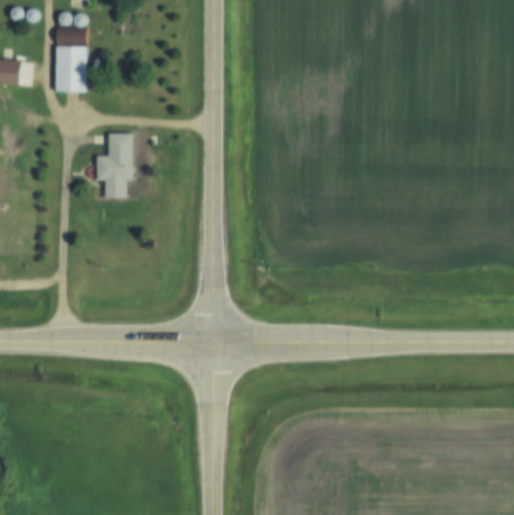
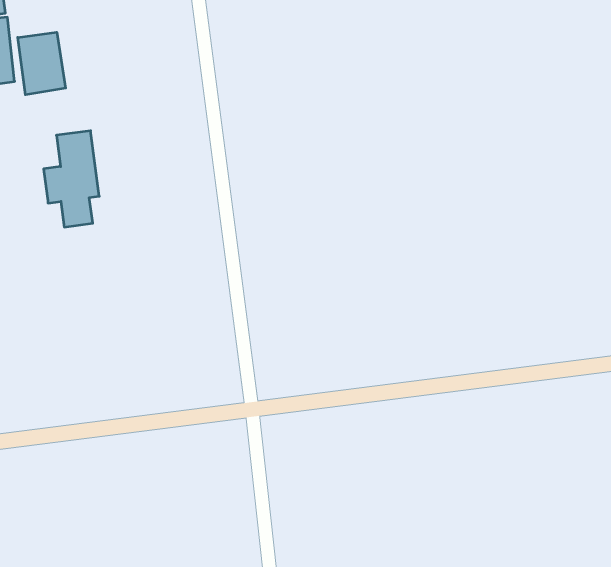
building: none -> [18,32,66,95]

